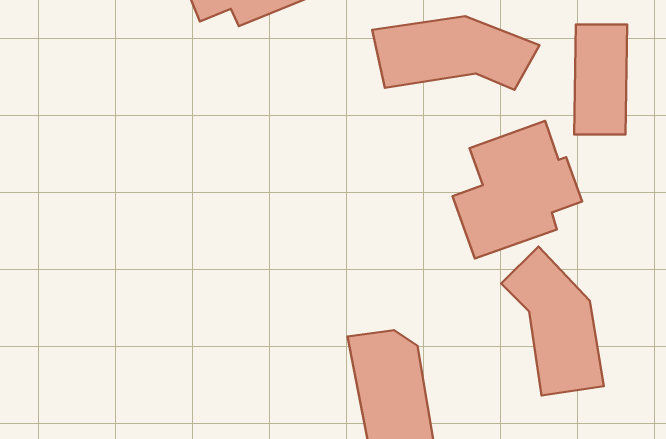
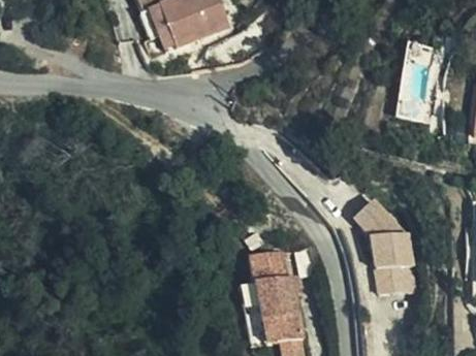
building: [372,16,540,90] -> none
building: [452,121,582,258] -> none

